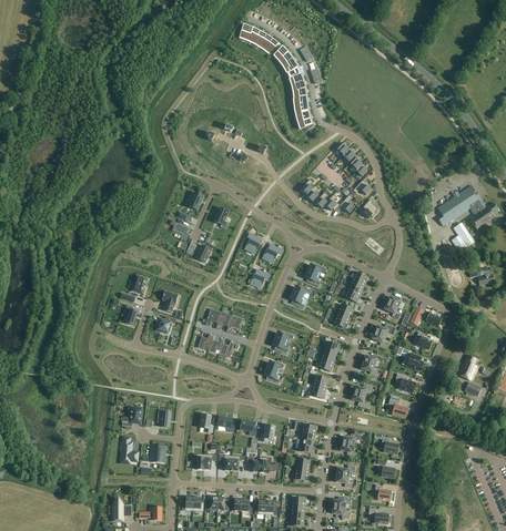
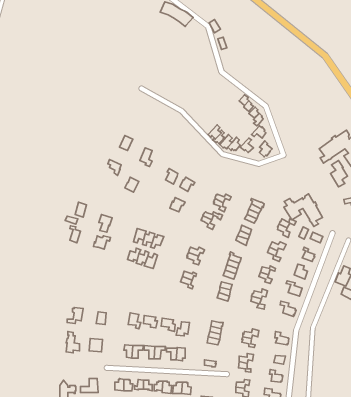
building: [273,43,312,129] -> none
building: none -> [284,194,322,227]

